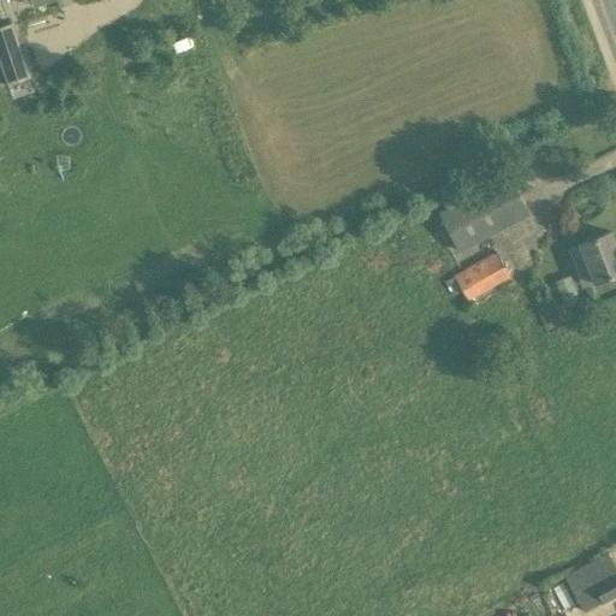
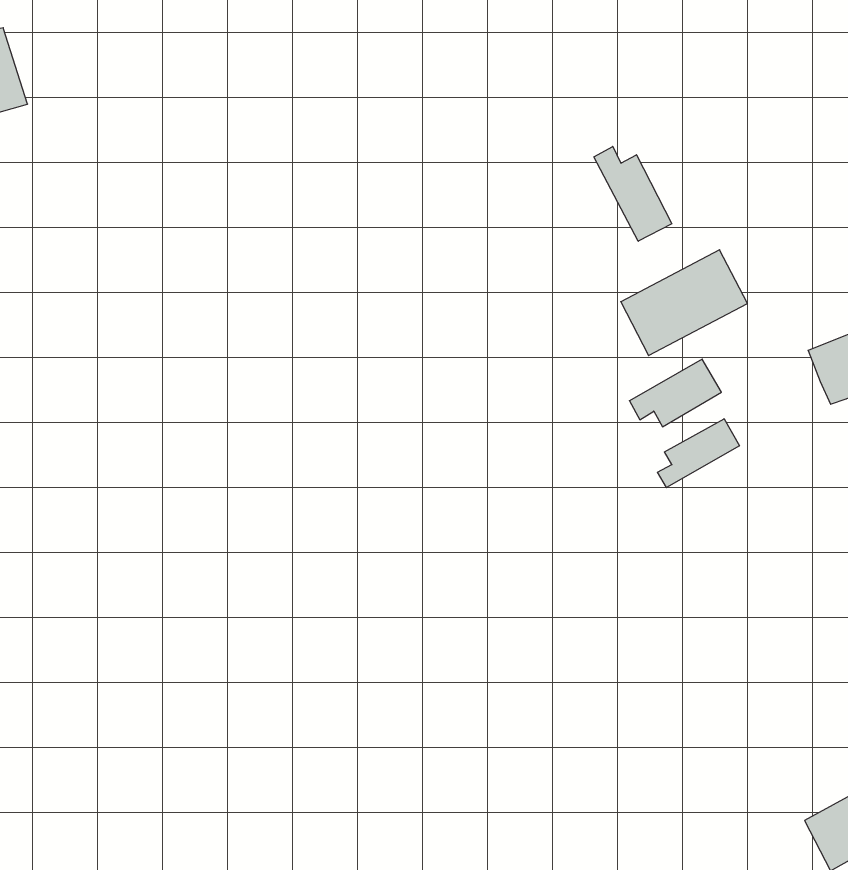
building: none -> [594,146,672,241]
building: none -> [657,419,739,488]

